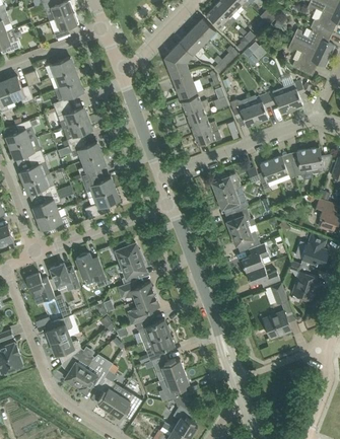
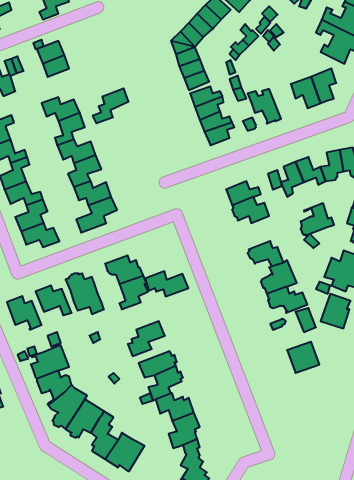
building: [52,80,82,109] -> [93,88,129,123]
building: [248,93,270,123] -> none
building: [226,206,255,233] -> [301,203,334,236]
building: [118,280,154,301] -> [145,271,188,296]

